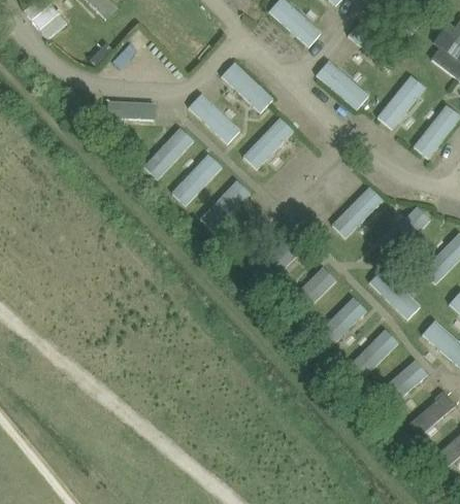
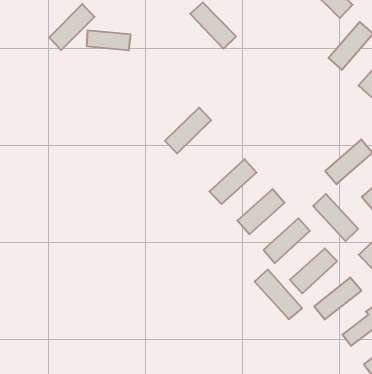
building: [315,59,368,109] -> none
building: [188,93,240,144] -> none
building: [242,116,293,169] -> none
building: [143,127,193,179] -> [49,4,95,50]
building: [171,154,221,205] -> none
building: [331,187,383,238] -> none
building: none -> [255,269,302,319]

